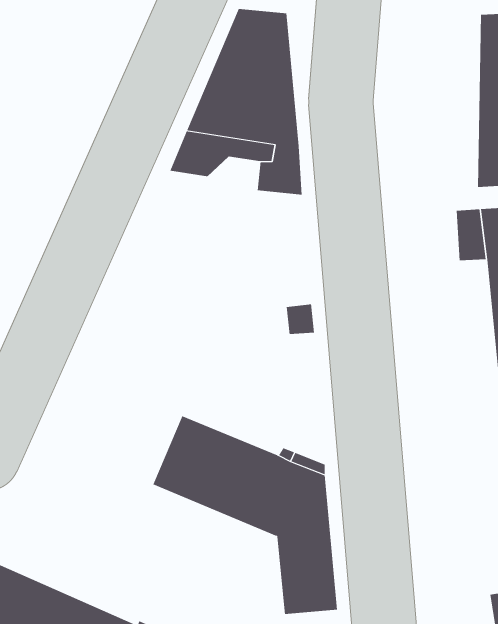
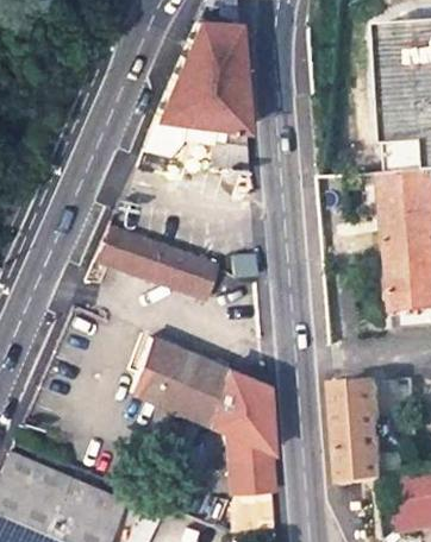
building: none -> [90,226,211,297]
building: none -> [331,382,383,484]

